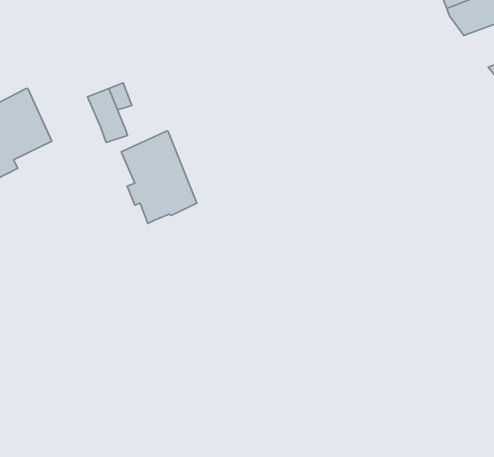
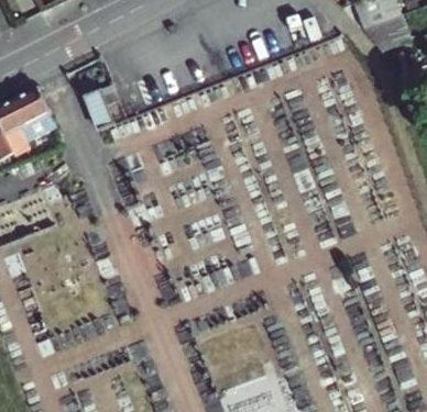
building: [121,131,197,223] -> none

